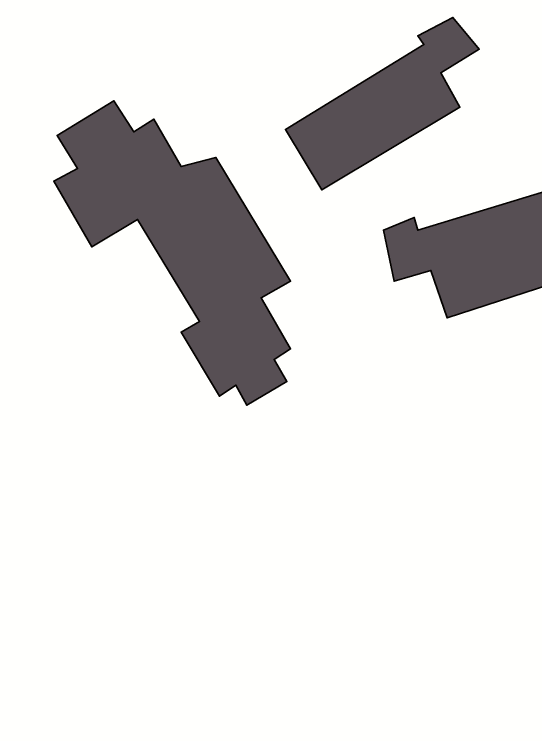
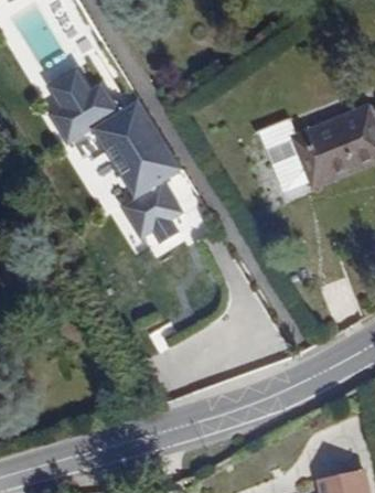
building: [285,17,479,190] -> none

